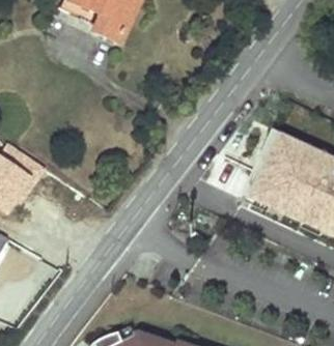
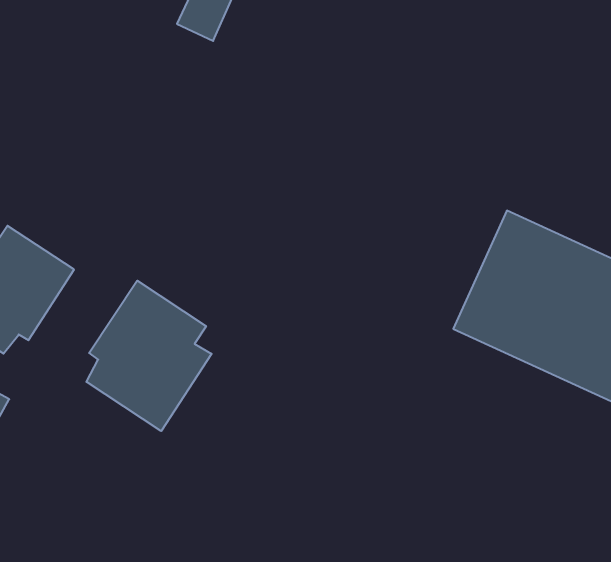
building: none -> [86,281,212,431]

